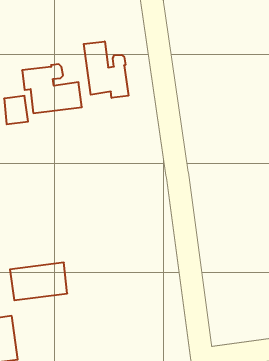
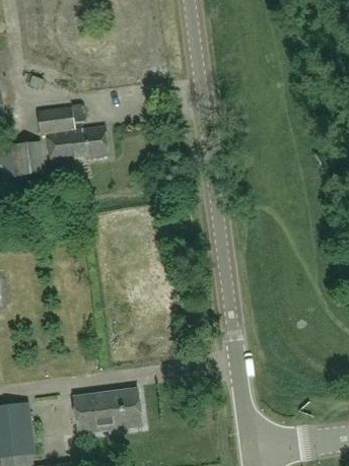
building: [84,41,128,98] -> none
building: [10,263,67,300] -> [73,388,141,432]

